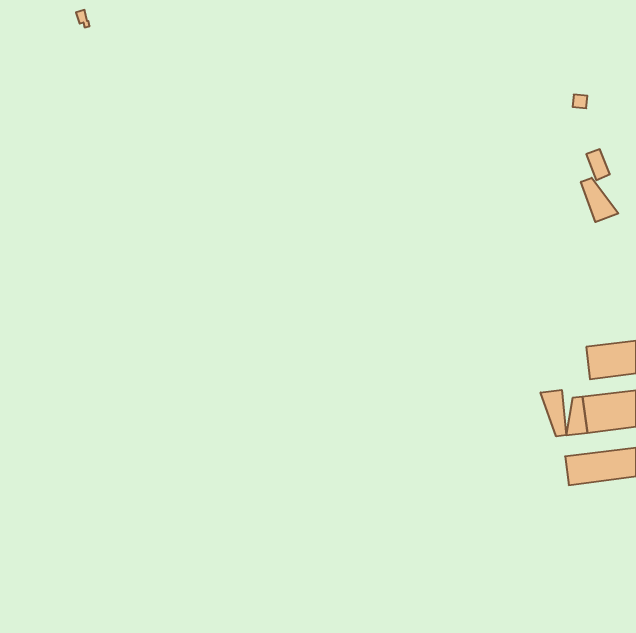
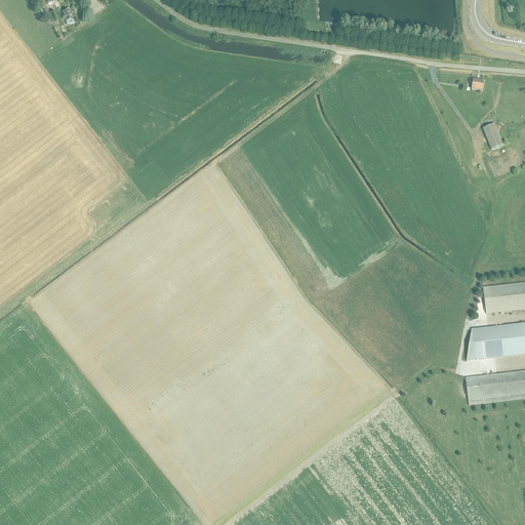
building: [581,178,618,222] -> none
building: [541,390,566,436] -> none

